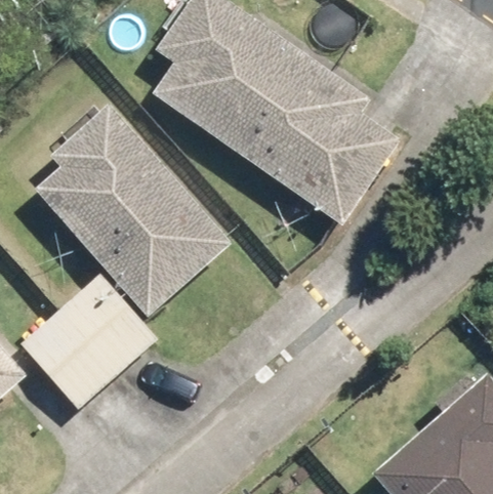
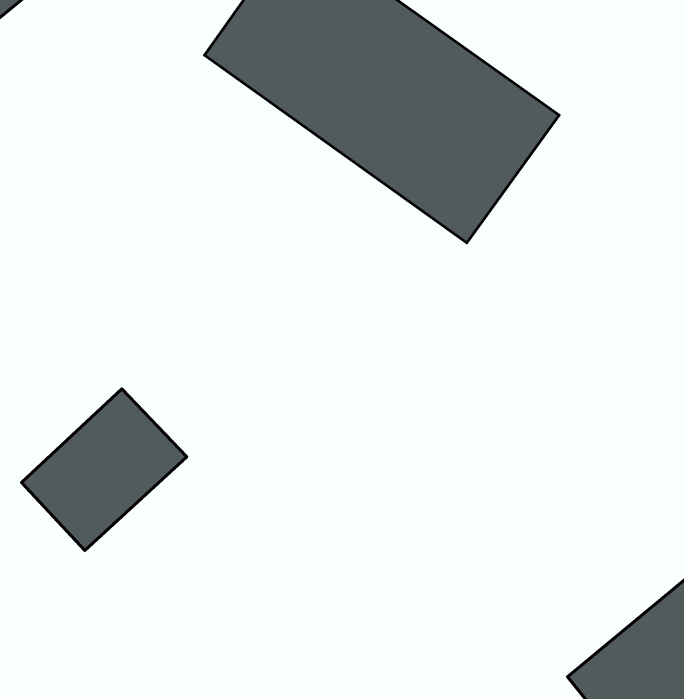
building: [42,123,216,304] -> none

